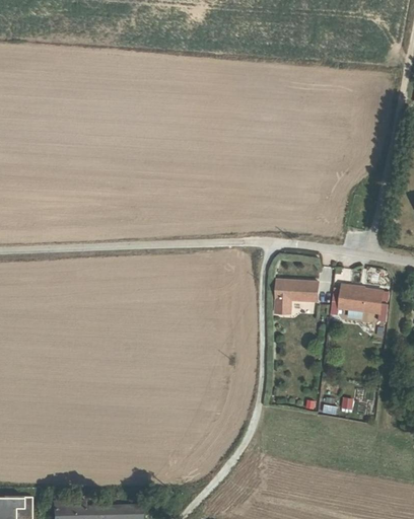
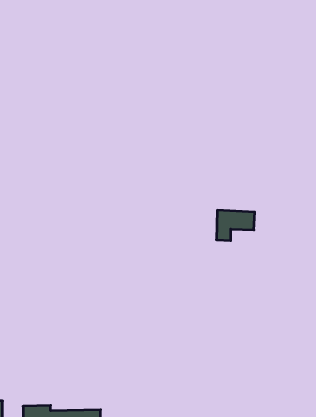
building: [339,284,383,313] -> none

